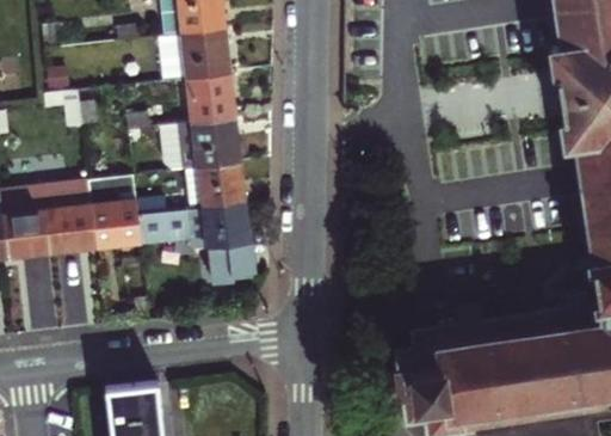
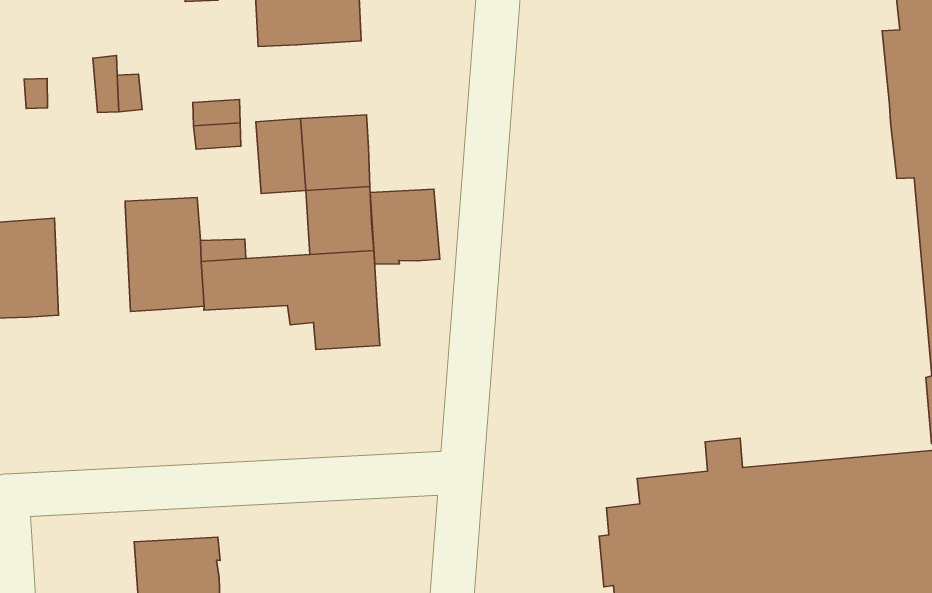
building: [190,73,235,123] -> none
building: none -> [370,189,440,264]
building: [45,183,97,253] -> none

